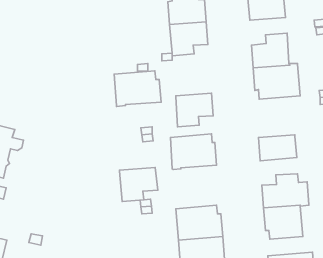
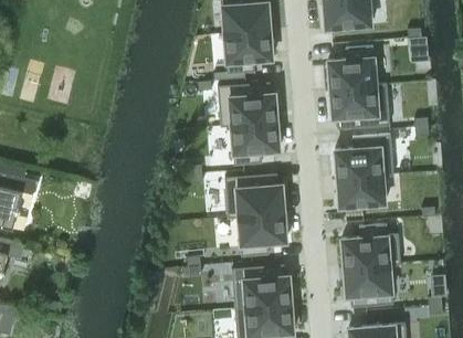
building: [114,71,161,106] -> [217,82,276,127]
building: none -> [334,134,393,178]
building: [119,168,158,201] -> [238,213,286,256]

